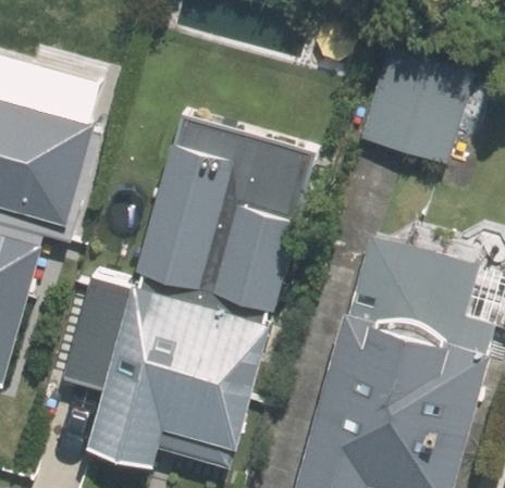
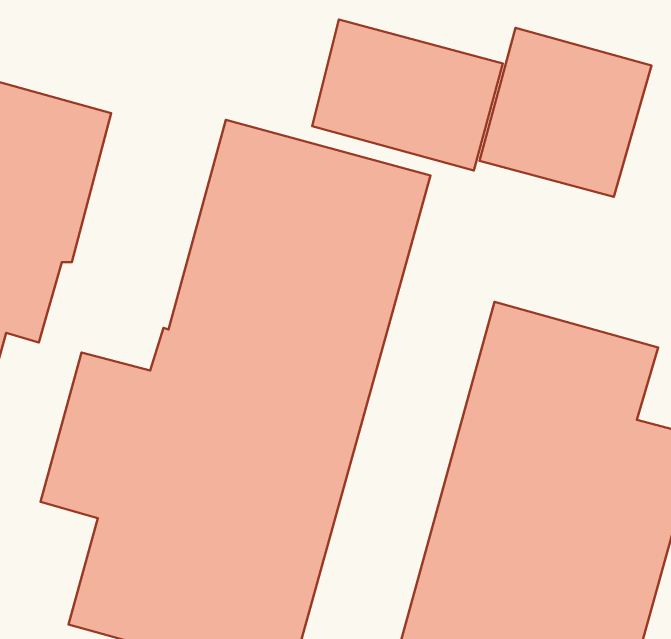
building: none -> [312,20,503,170]

